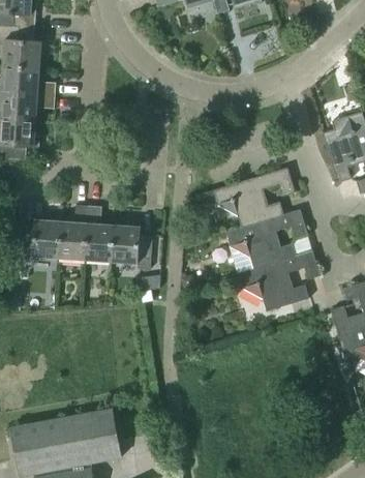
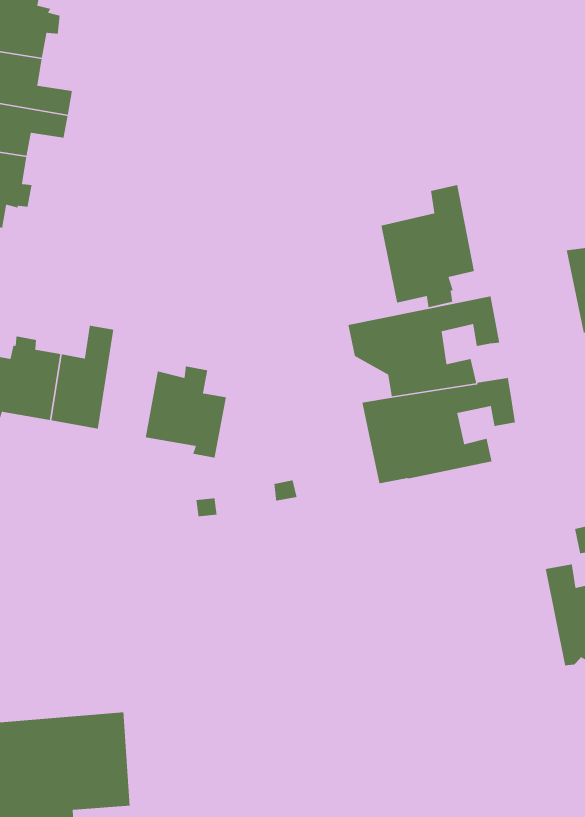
building: none -> [380,184,475,308]
building: [86,206,114,262] -> none
building: [237,251,320,311] -> none

